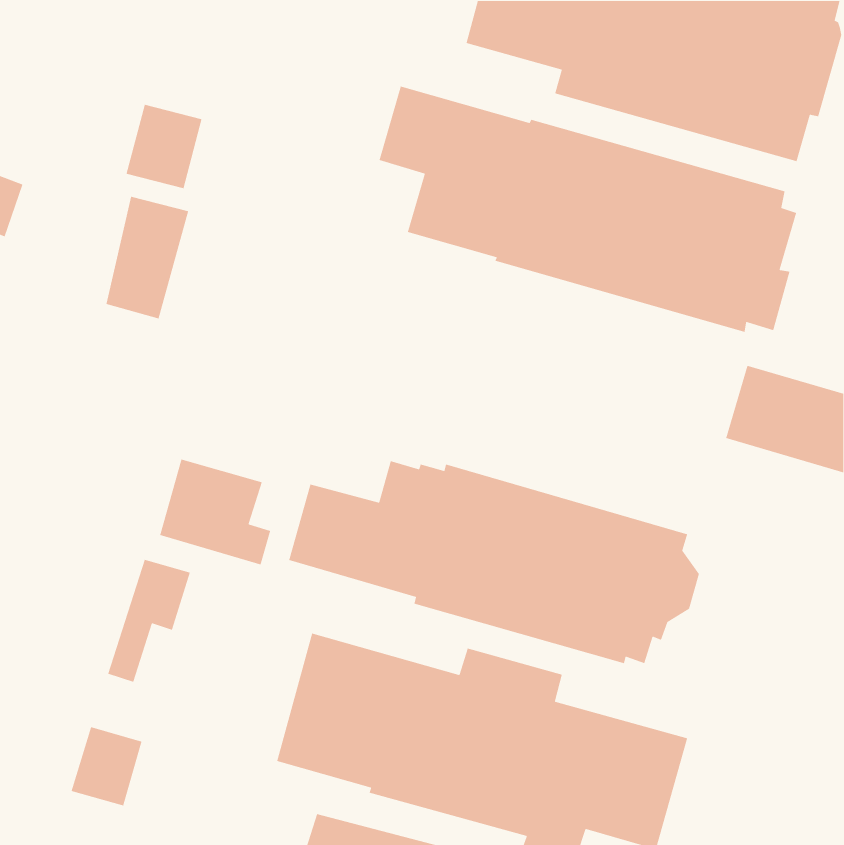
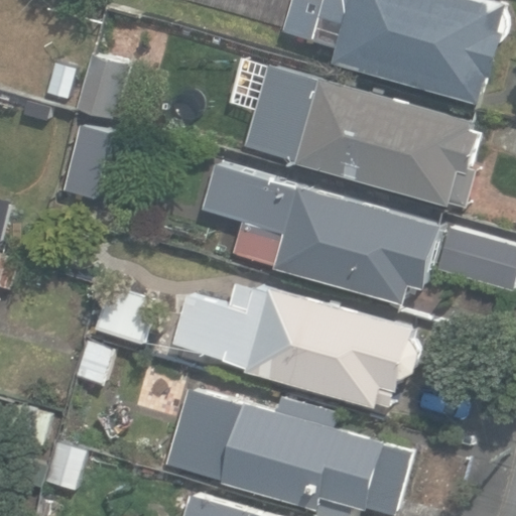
building: none -> [198,160,443,305]

